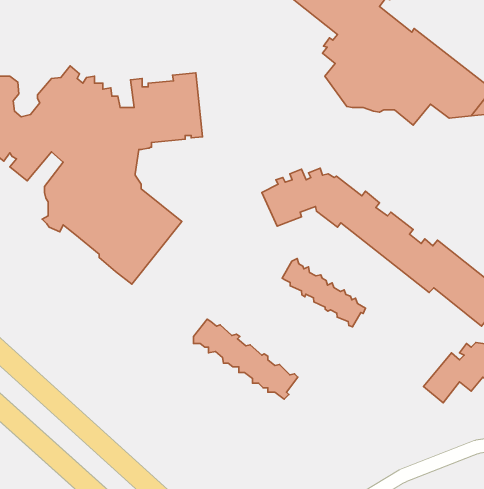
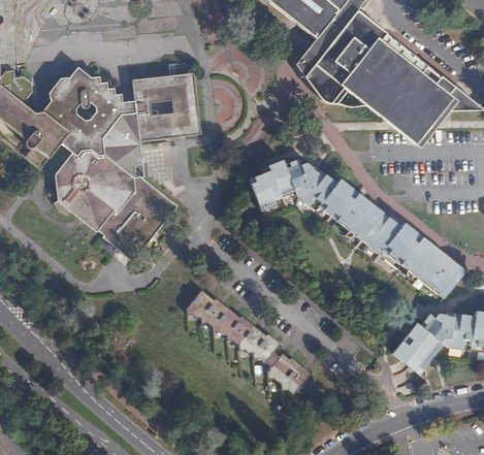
building: none -> [383,100,434,141]
building: [282,259,365,327] -> none
building: none -> [268,353,313,392]

